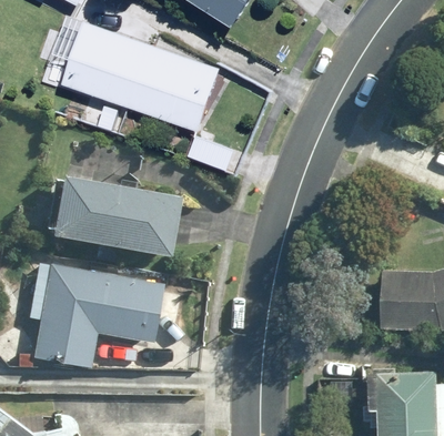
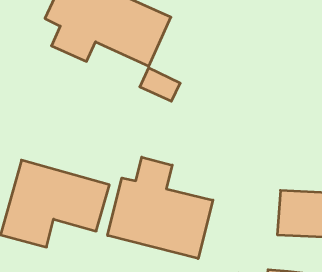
building: [42,146,178,255] -> none
building: none -> [108,157,213,259]

